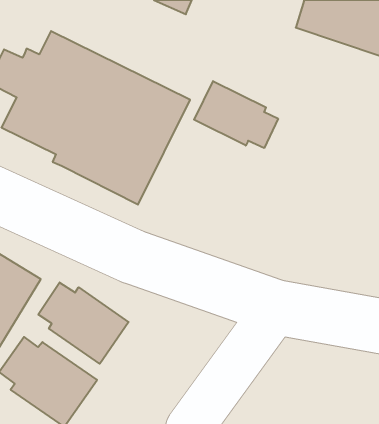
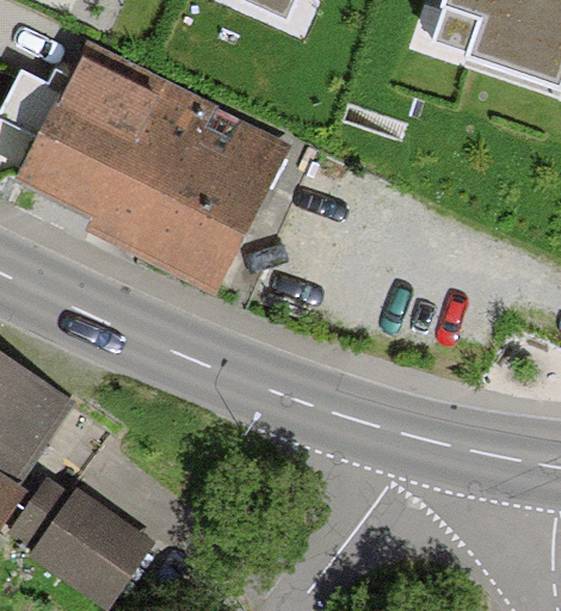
building: [194,81,278,148] -> none
building: [38,282,129,364] -> none

